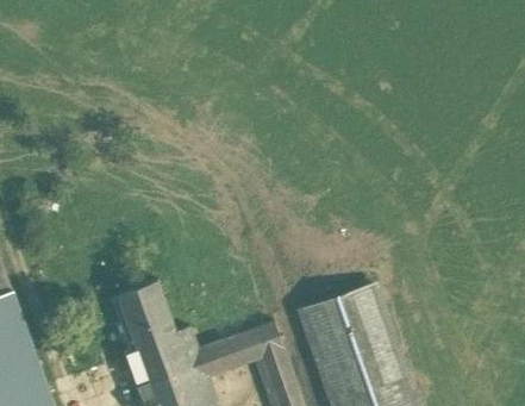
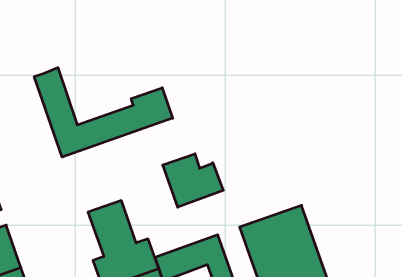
building: none -> [34,68,173,157]
building: none -> [163,154,223,207]

